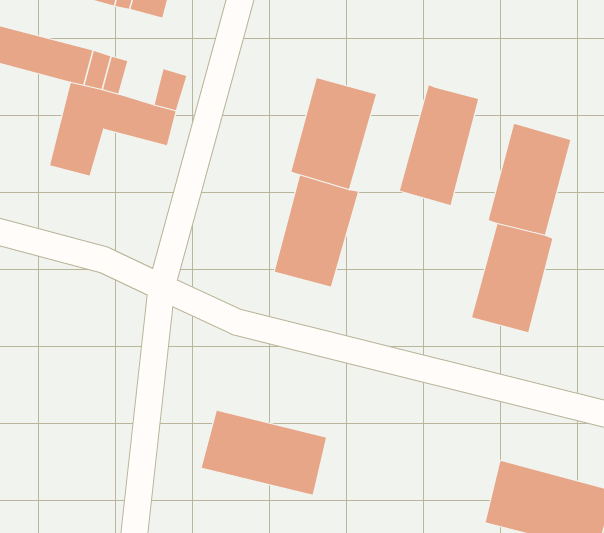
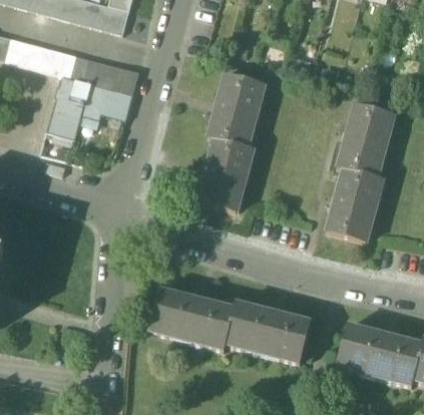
building: none -> [94,62,123,91]
building: [399,85,479,206] -> none
building: none -> [224,303,310,363]

